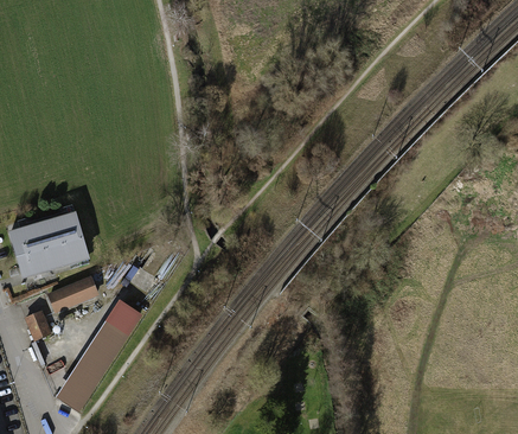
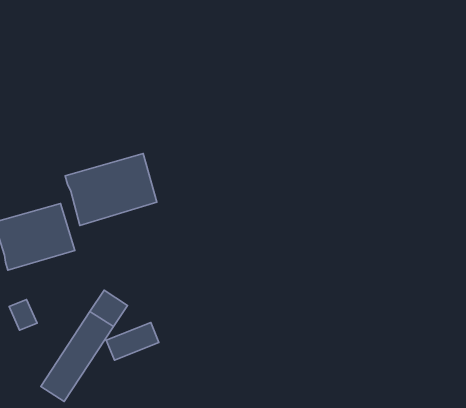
building: none -> [65,153,157,226]
building: [46,274,100,312] -> [106,323,159,360]

